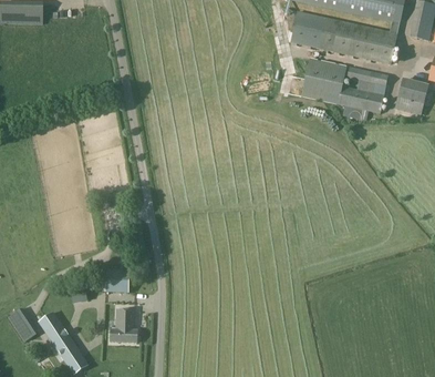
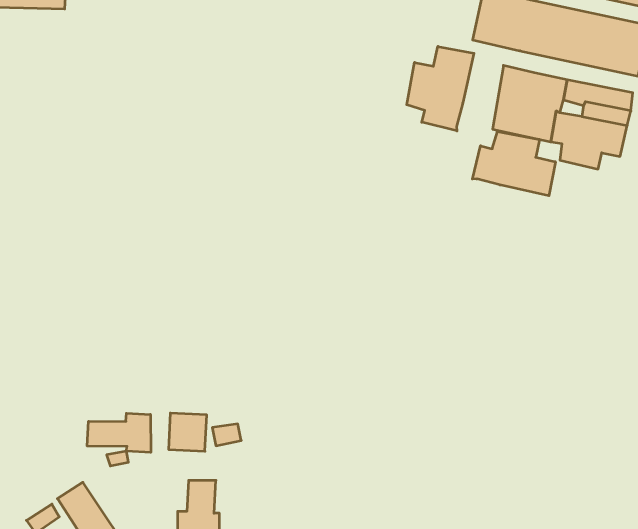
building: none -> [407,46,474,131]
building: none -> [472,132,555,196]
building: none -> [87,413,151,452]

